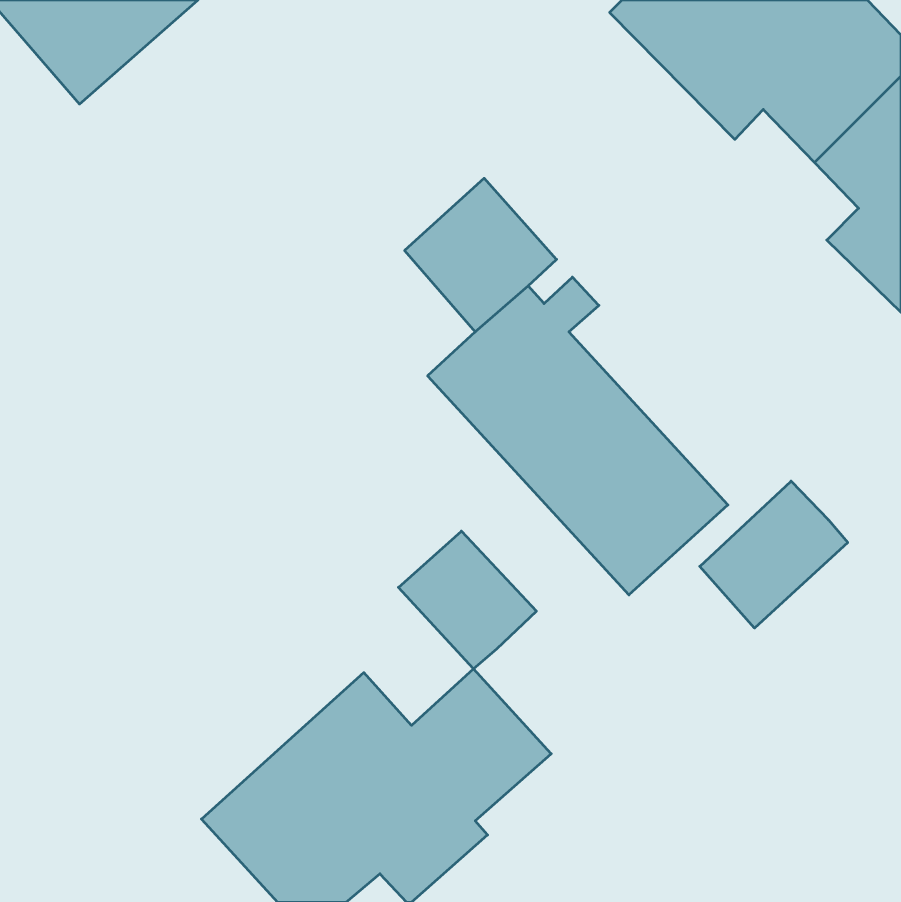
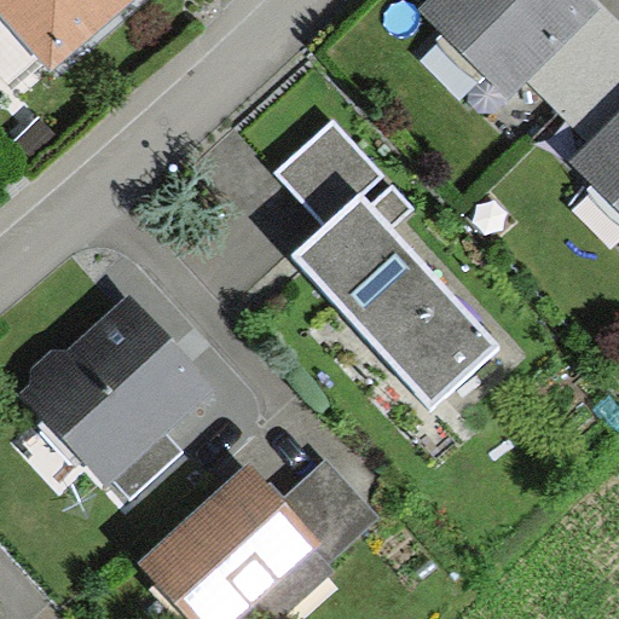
building: none -> [19,297,213,497]
building: [700,481,848,628] -> none
building: [398,531,536,669] -> none

